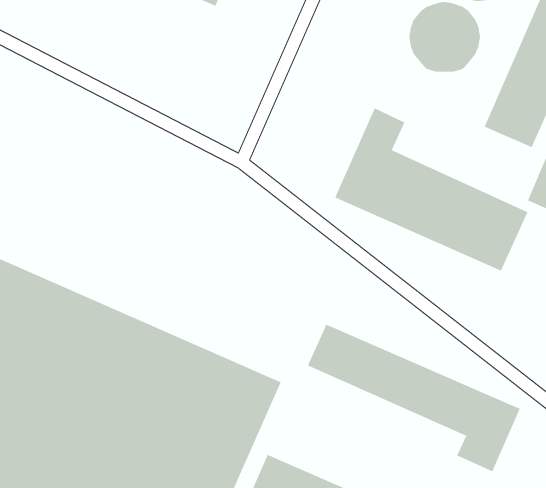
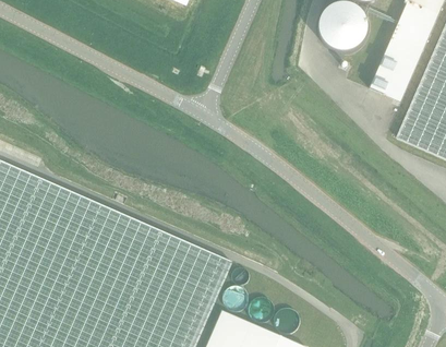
building: [334,108,528,272] -> none
building: [307,324,520,472] -> none

